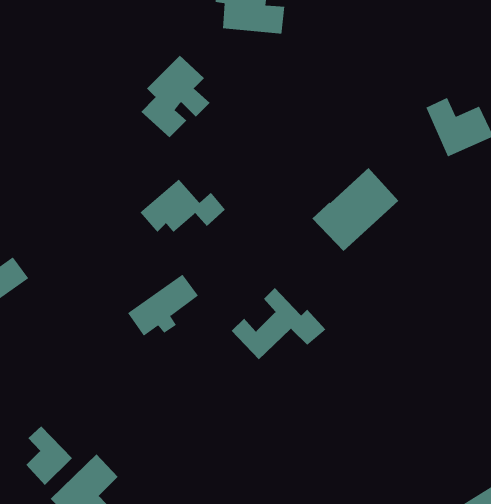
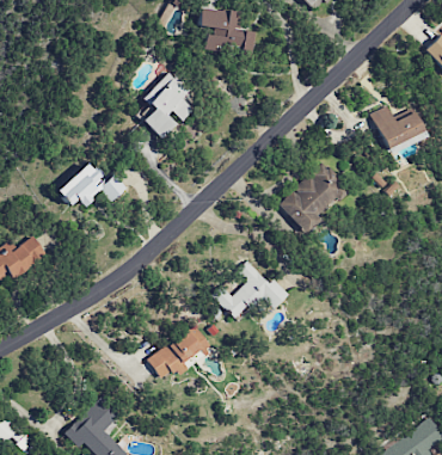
building: [139,179,226,233] -> [57,162,128,207]
building: [127,274,199,337] -> [148,327,207,379]
building: [25,426,73,486] -> none

